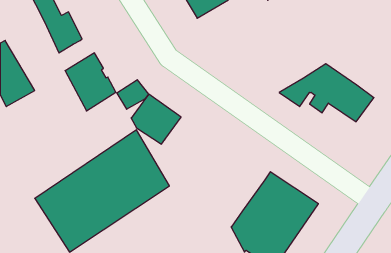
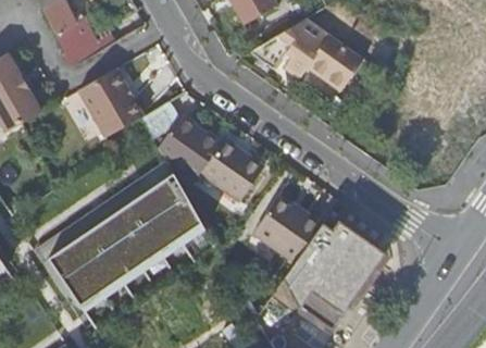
building: [279,64,374,122] -> [249,17,364,88]
building: none -> [201,139,266,201]
building: none -> [253,197,323,261]

